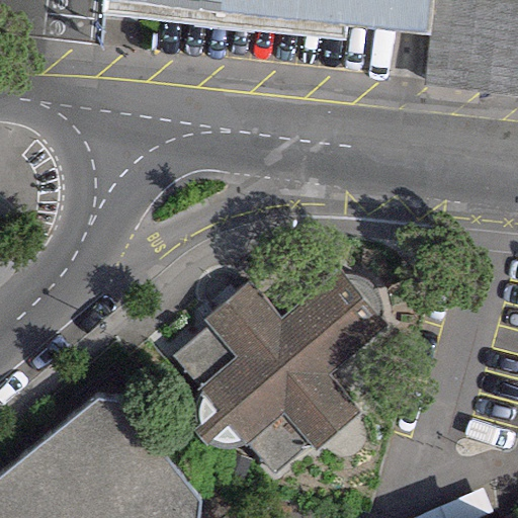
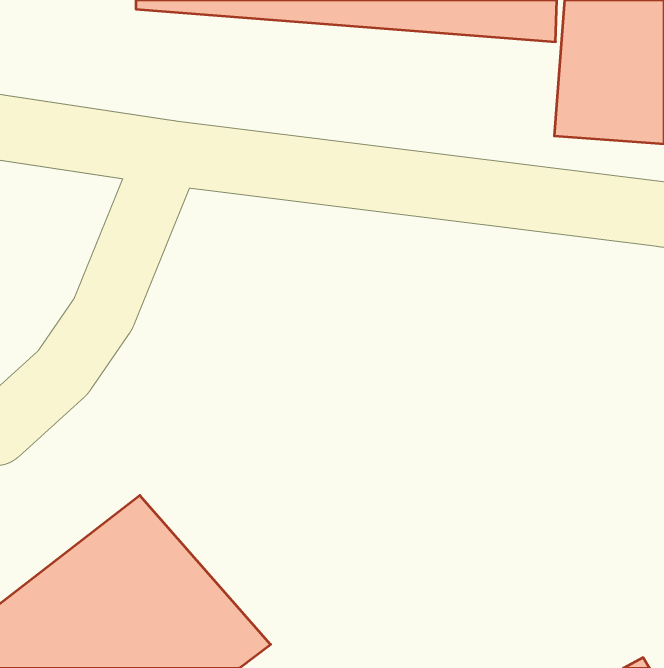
building: [199,264,396,449] -> none

